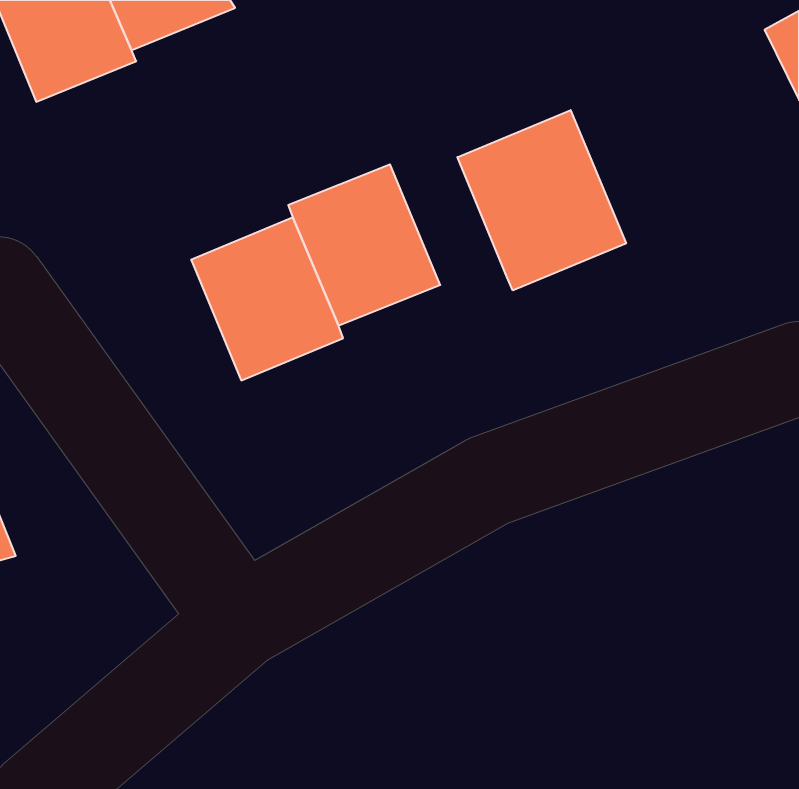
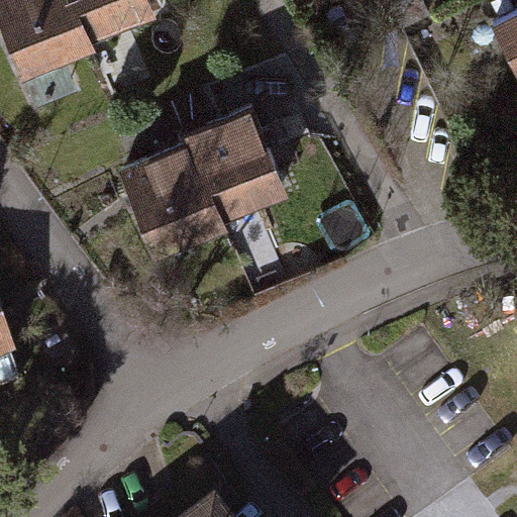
building: [457,110,626,290] -> none

